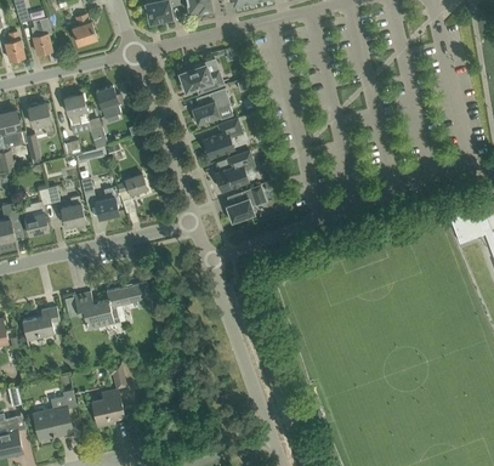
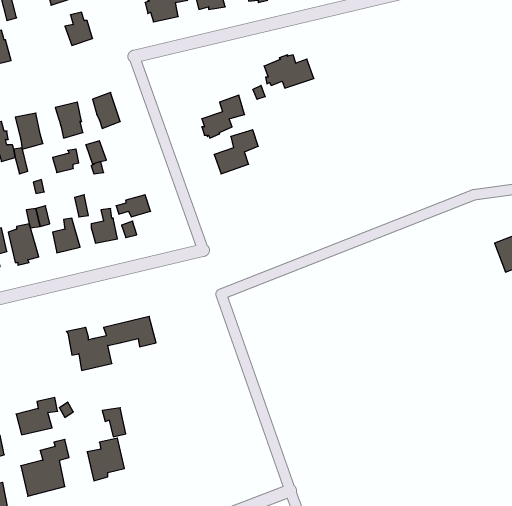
building: [30,16,52,53] -> none
building: [180,64,223,93] -> [264,55,314,88]
building: [215,150,254,191] -> none
building: [226,184,266,222] -> none
building: [22,307,58,340] -> [16,397,58,435]

